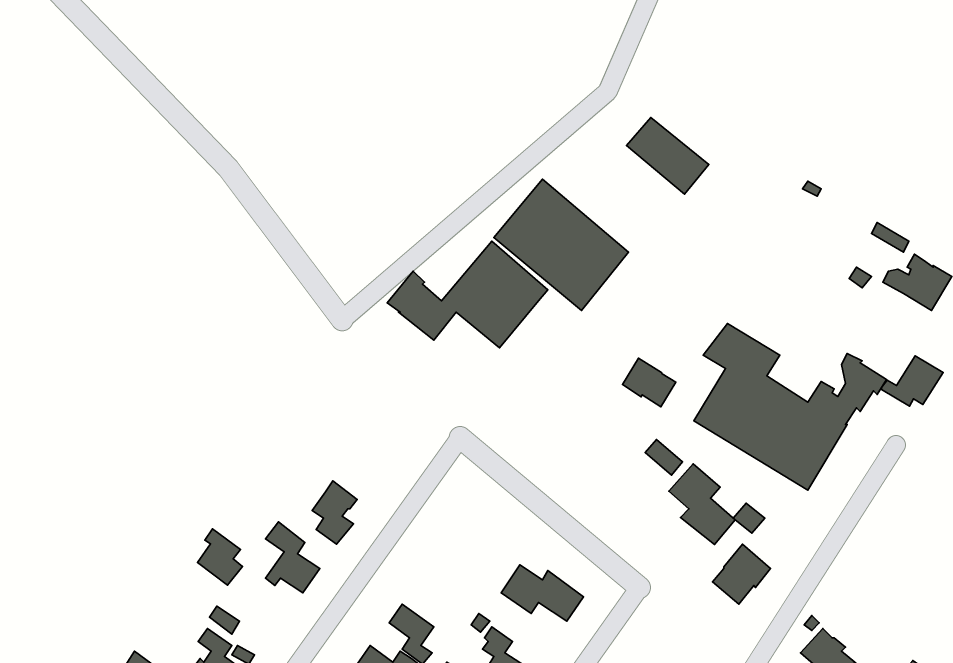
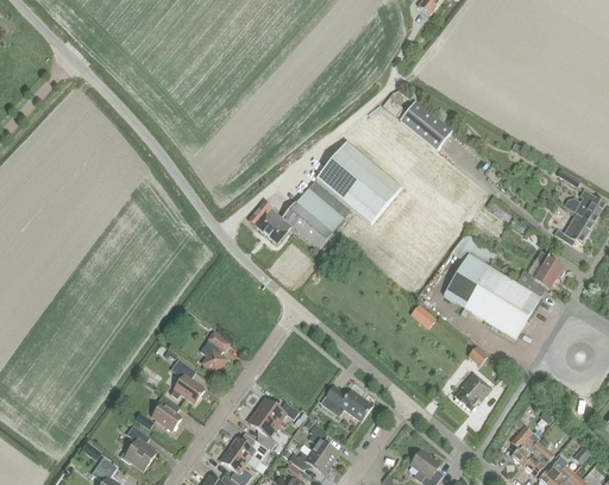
building: [882,356,943,406] -> [554,213,594,245]
building: [623,358,676,407] -> none
building: [669,464,735,544] -> none
building: [198,529,242,585] -> [152,393,181,429]
building: none -> [257,398,299,424]

